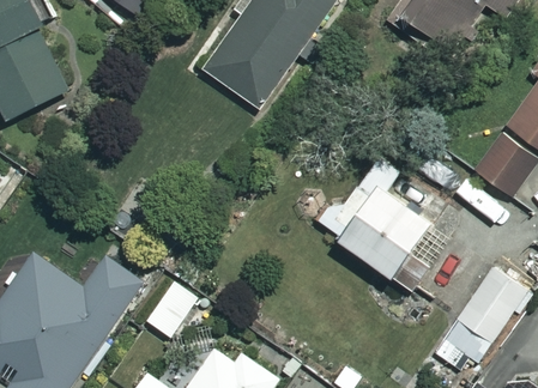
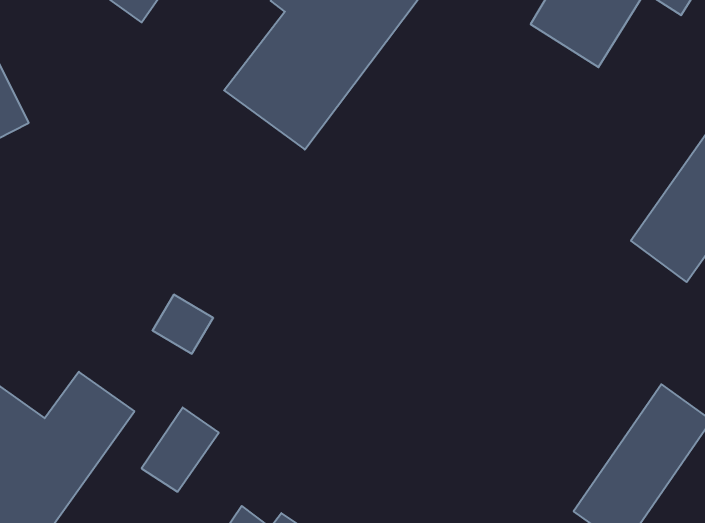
building: [344,190,437,284] -> none

